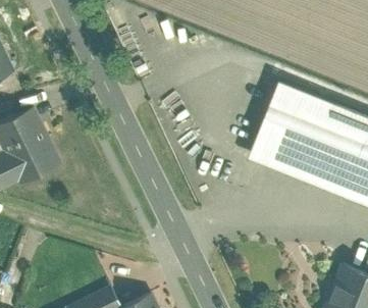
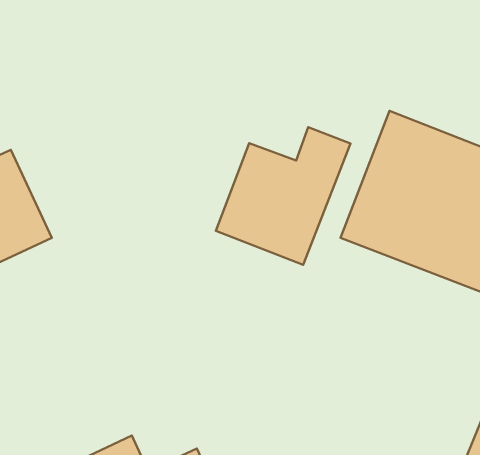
building: none -> [216,127,350,265]

